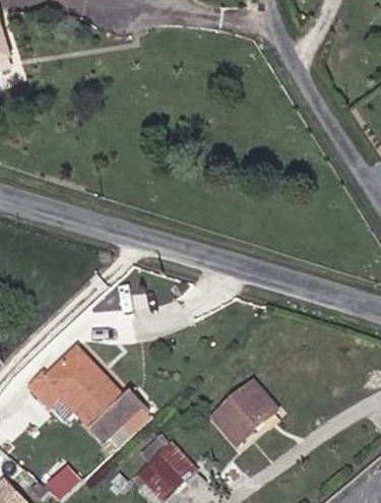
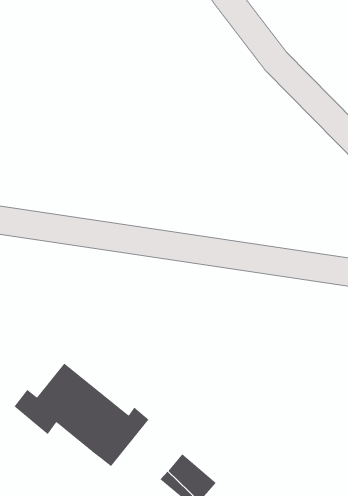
building: [213,380,277,442] -> none

